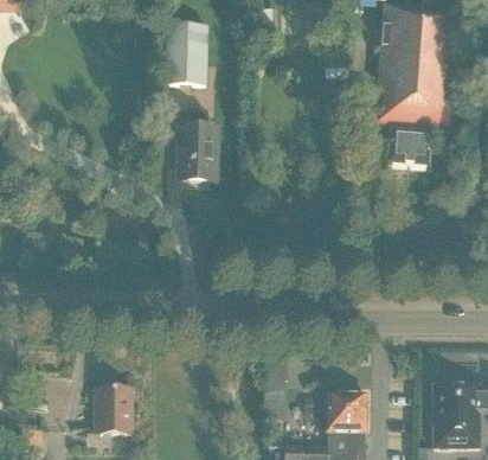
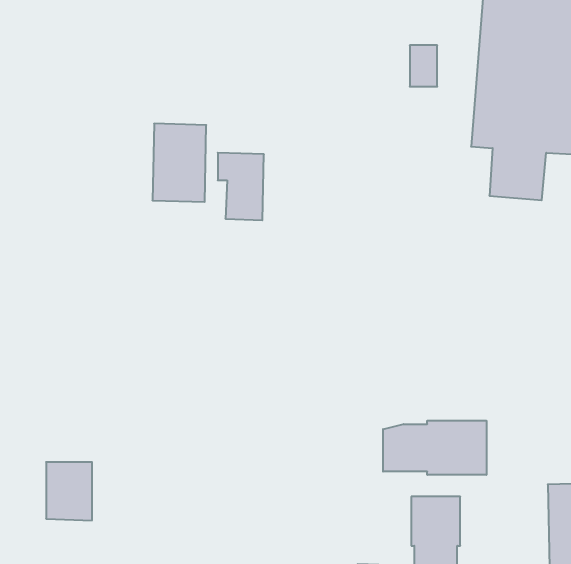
building: [166,25,207,85] -> [152,124,206,202]
building: none -> [383,421,486,475]
building: [96,389,131,434] -> [46,462,92,520]

